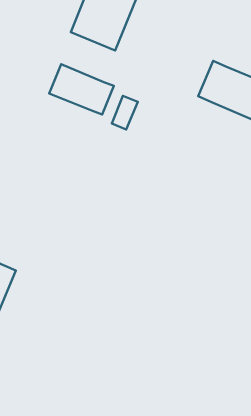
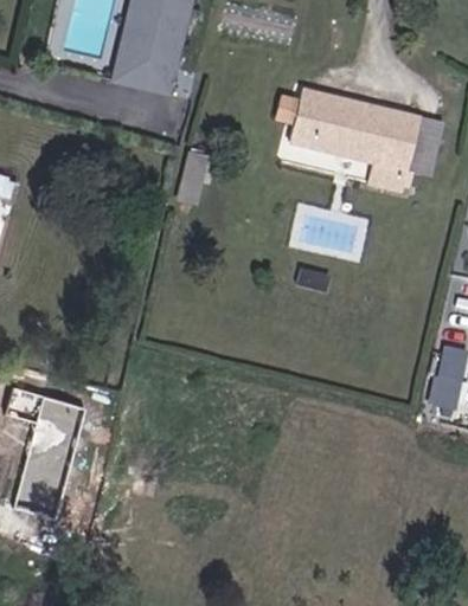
building: [49,64,114,114] -> none

